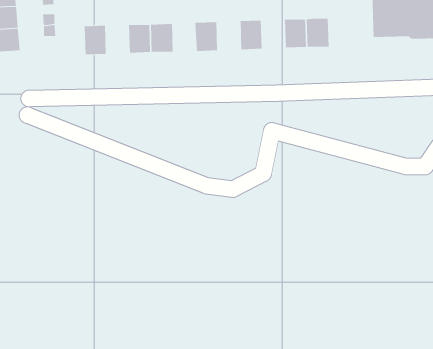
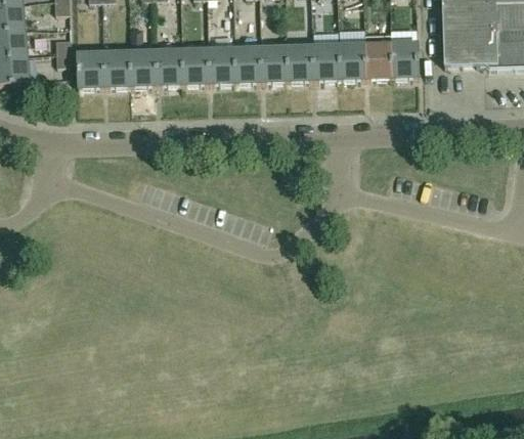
building: none -> [392,41,419,76]
building: none -> [313,43,341,78]
building: none -> [261,45,289,80]
building: none -> [209,47,236,82]
building: none -> [130,49,158,84]
building: none -> [78,51,105,86]

